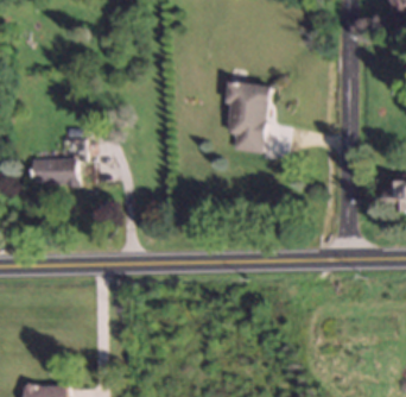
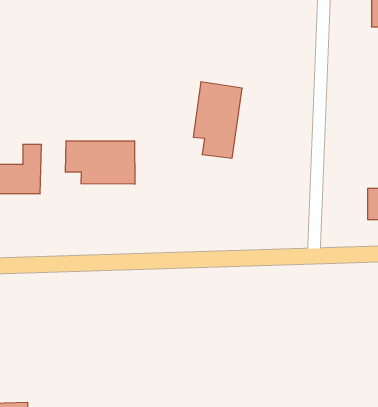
building: none -> [66,141,135,184]

